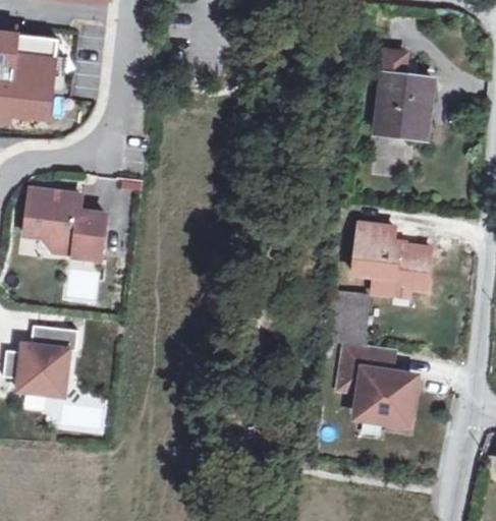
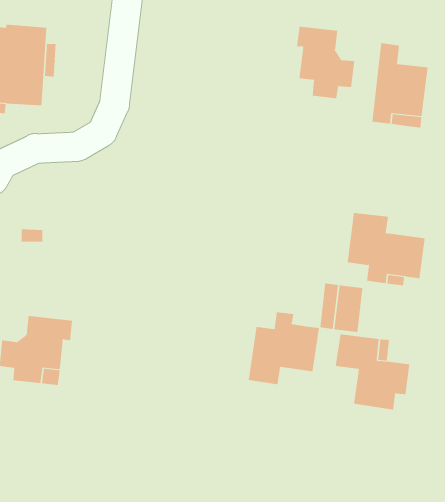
building: none -> [296,26,355,99]
building: [24,189,106,259] -> none
building: none -> [248,312,319,385]

